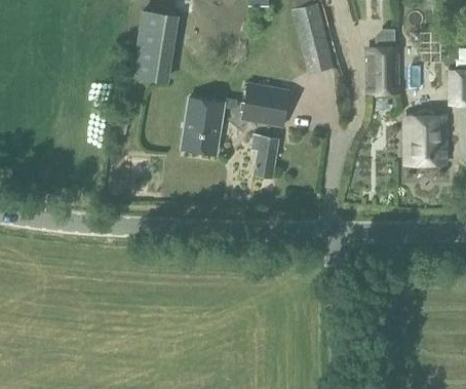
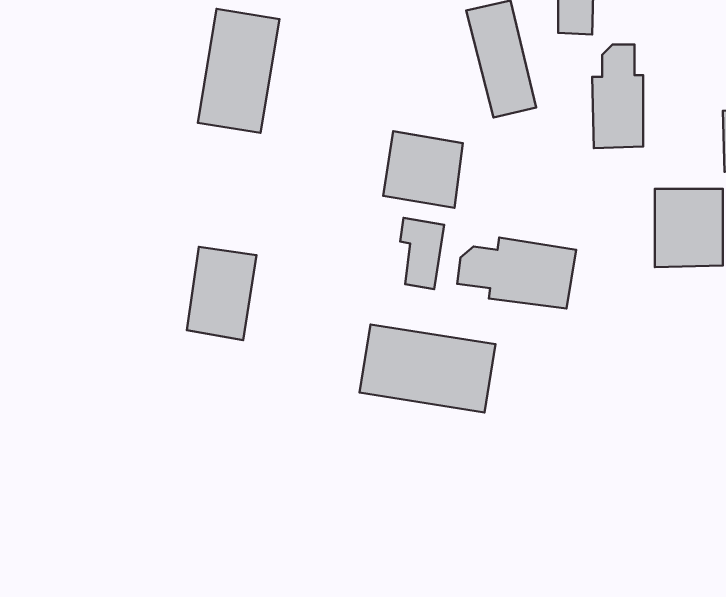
building: [182,99,224,155] -> [187,247,257,340]
building: none -> [457,238,576,309]
building: none -> [359,324,495,412]

